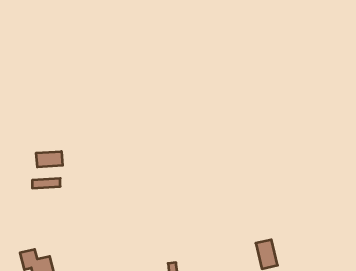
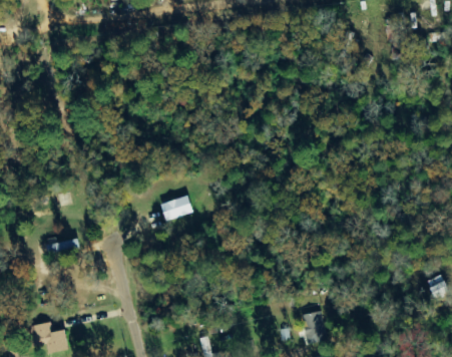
building: none -> [160,196,193,221]
building: [36,151,63,167] -> none

